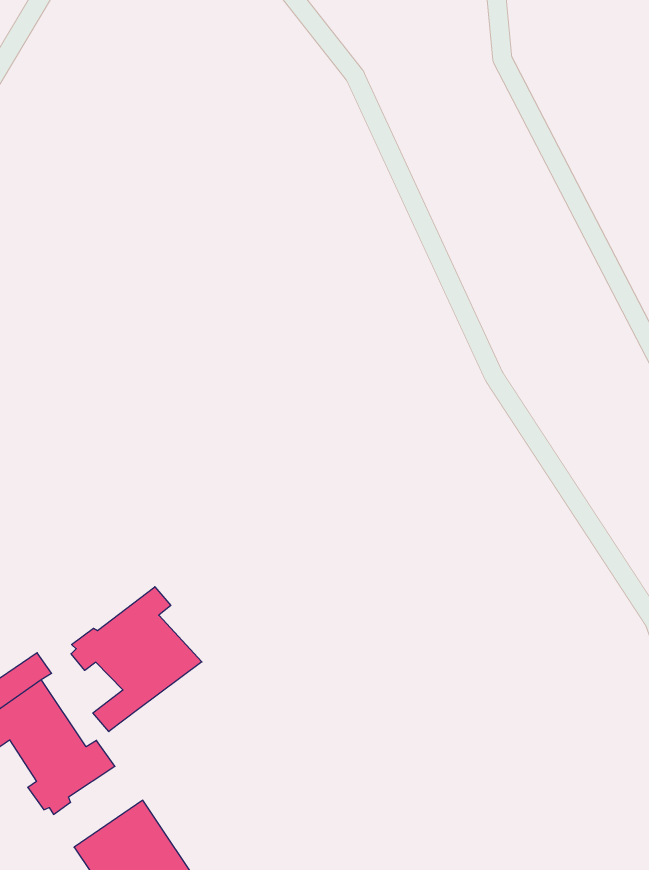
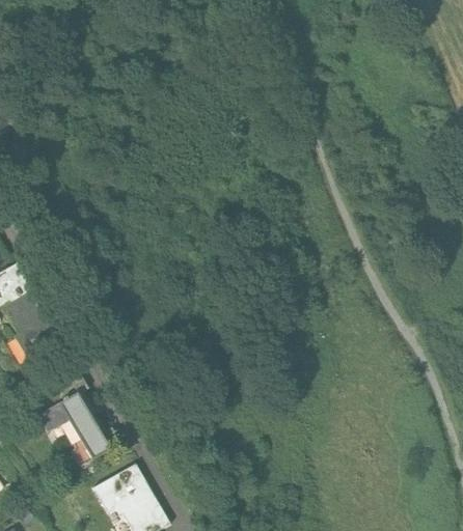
building: [71,587,202,732] -> none

